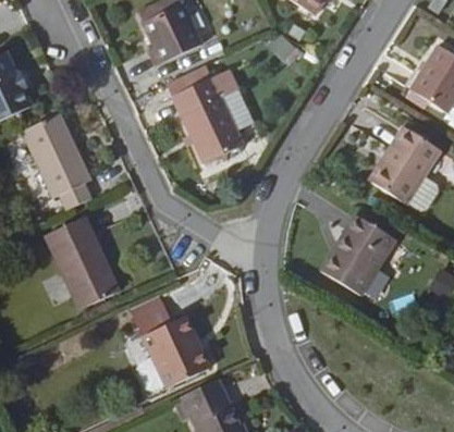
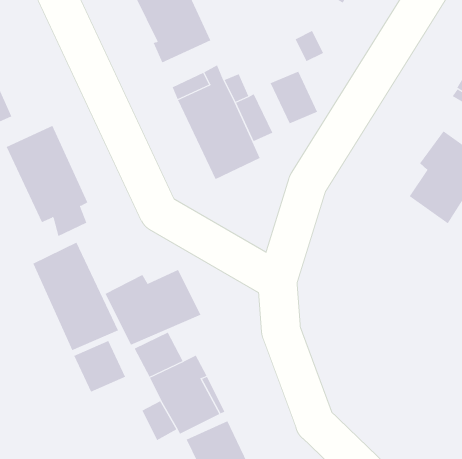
building: none -> [270,71,318,124]
building: [319,215,392,296] -> none
building: none -> [105,269,201,346]
building: none -> [73,340,126,392]

